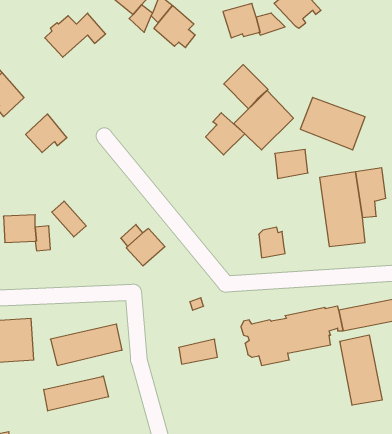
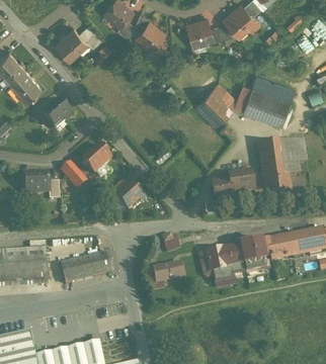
building: [224,65,268,109] -> none
building: [206,113,245,155] -> none
building: [275,149,308,179] -> [228,173,252,194]
building: none -> [81,145,109,173]
building: [340,335,382,405] -> none
building: [44,376,108,411] -> none

